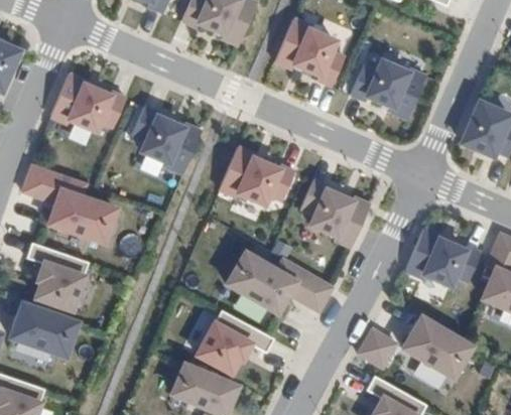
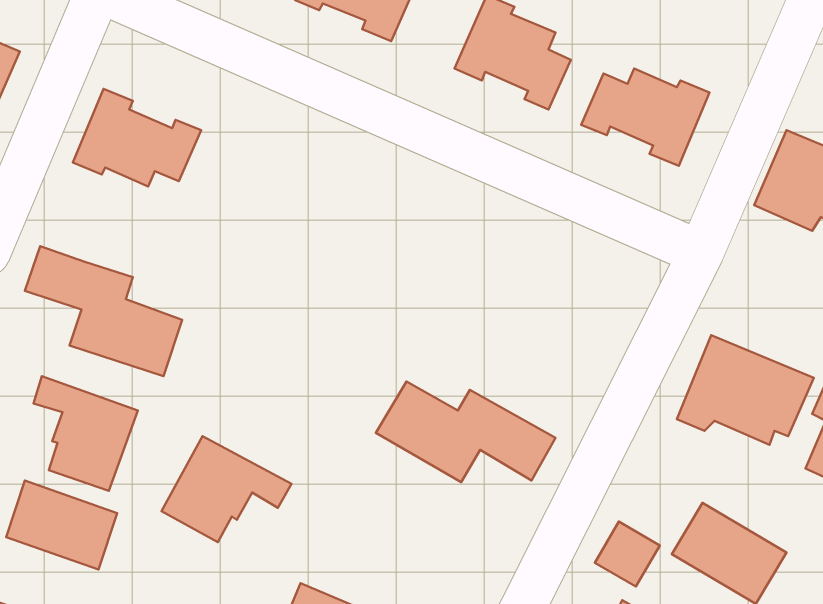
building: [131,108,201,175] -> none
building: [220,148,294,205] -> none
building: [300,180,370,248] -> none
building: [198,311,274,374] -> [162,436,292,542]

